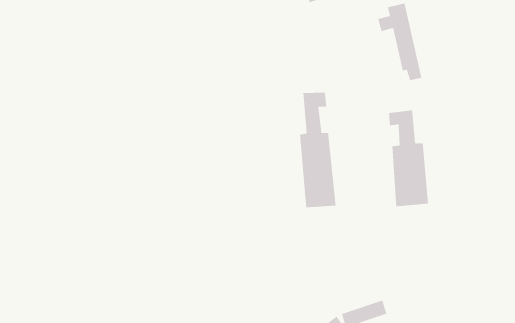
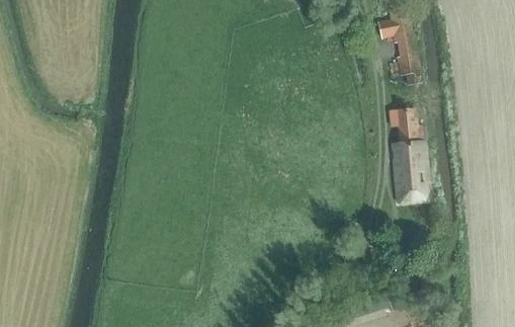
building: [299,92,336,208] -> none

